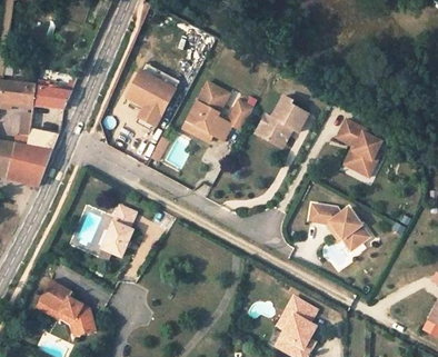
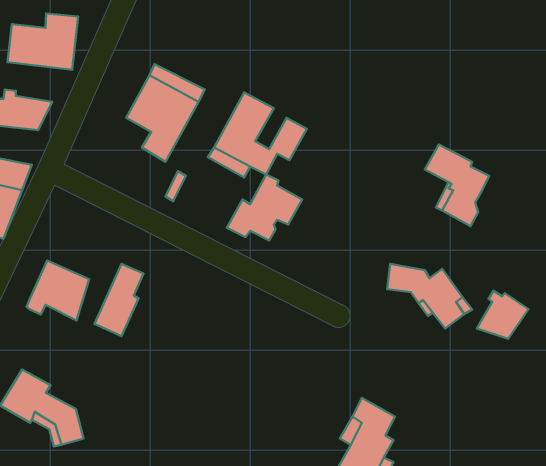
building: none -> [7,13,78,70]
building: [255,96,308,142] -> [227,174,302,240]
building: none -> [26,260,89,320]
building: none -> [477,291,528,339]

